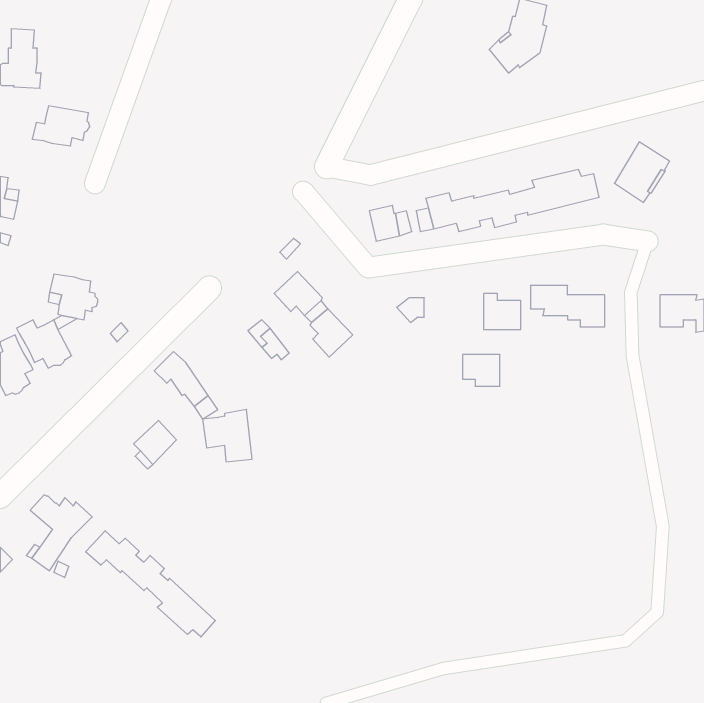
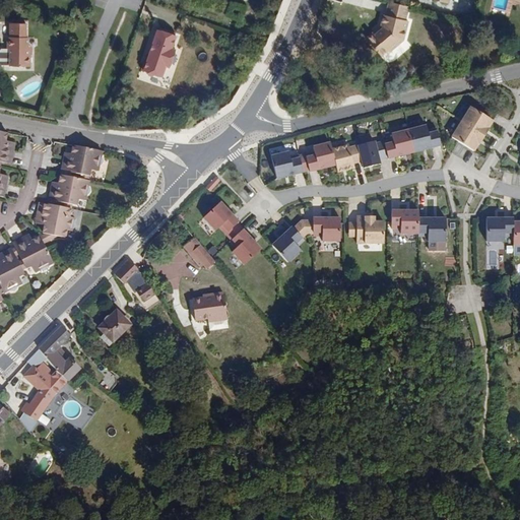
building: none -> [141,27,176,75]
building: [32,106,90,146] -> [62,145,105,175]
building: none -> [49,174,89,204]
building: none -> [272,226,305,262]
building: [463,355,500,386] -> [313,217,340,241]
building: [203,409,252,462] -> [192,290,229,329]
building: none -> [39,326,80,381]
building: [86,531,215,637] -> none

